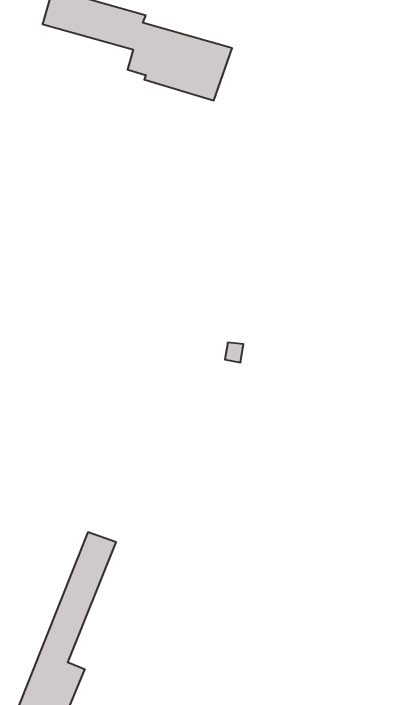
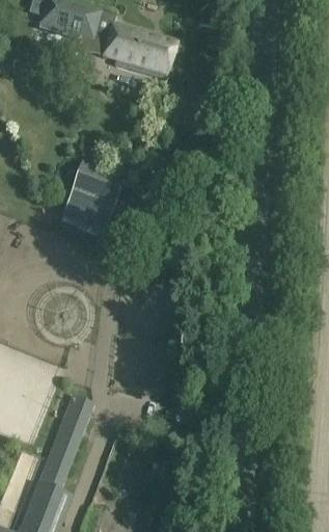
building: none -> [59,163,120,237]

